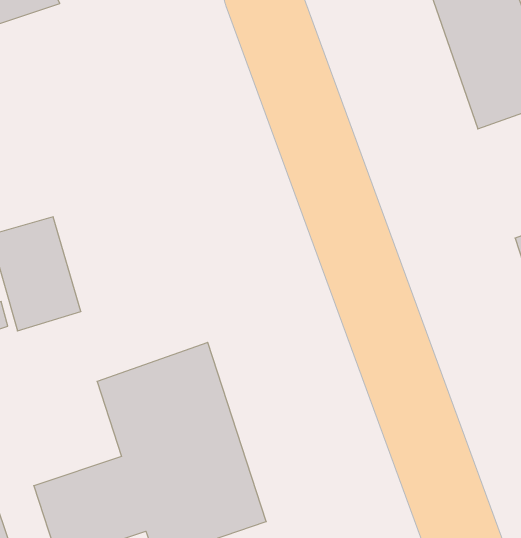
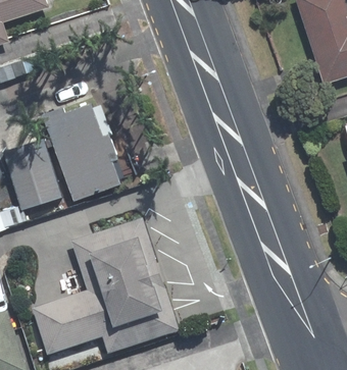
building: none -> [44,106,121,203]

